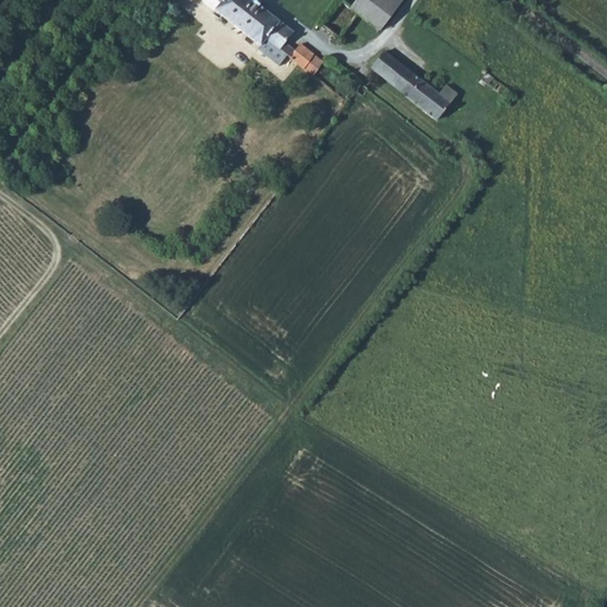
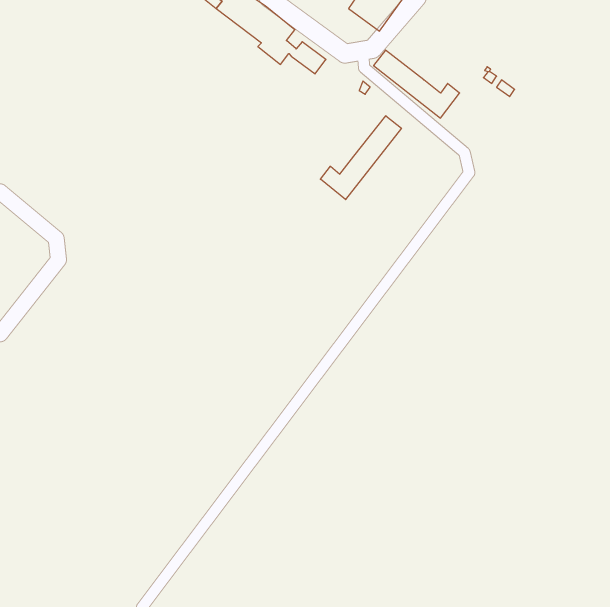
building: none -> [320,116,401,200]

